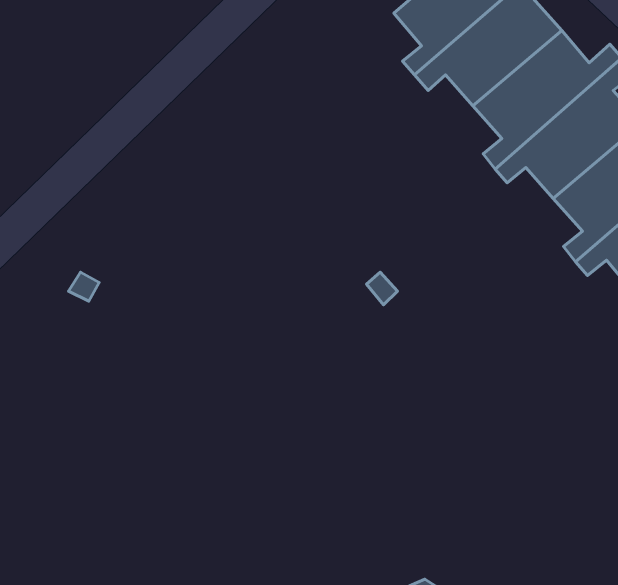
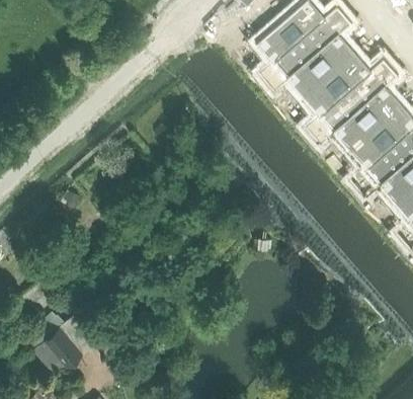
building: none -> [47,320,97,370]

